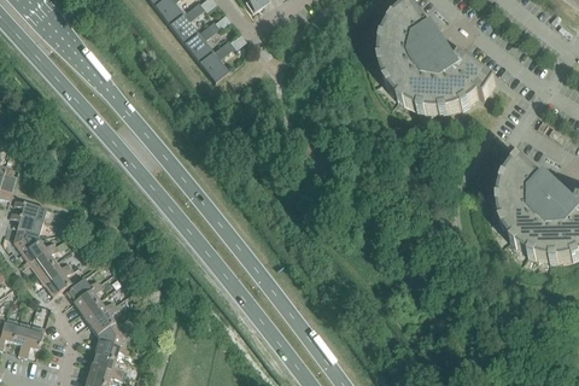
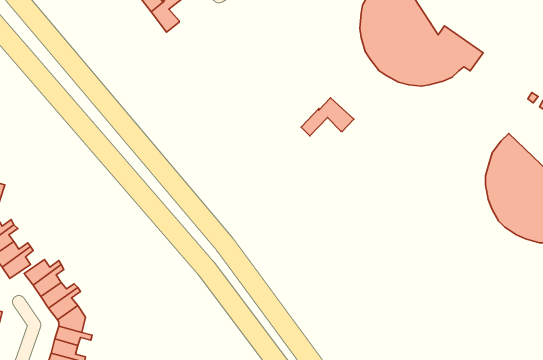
building: [199,39,235,83] -> none
building: none -> [301,98,354,136]

